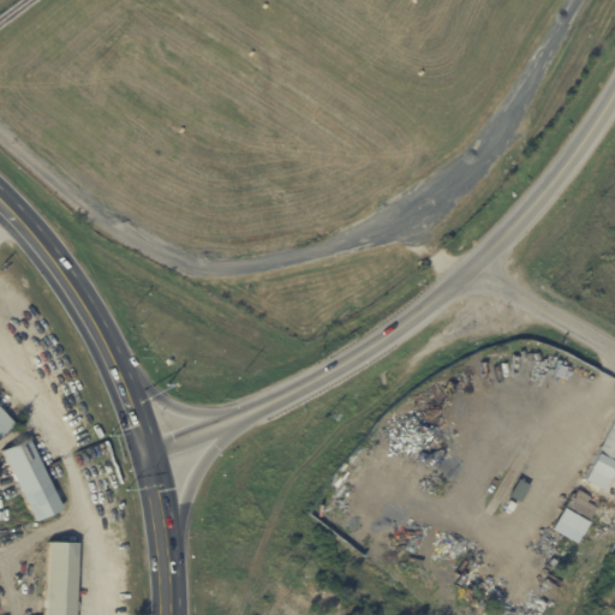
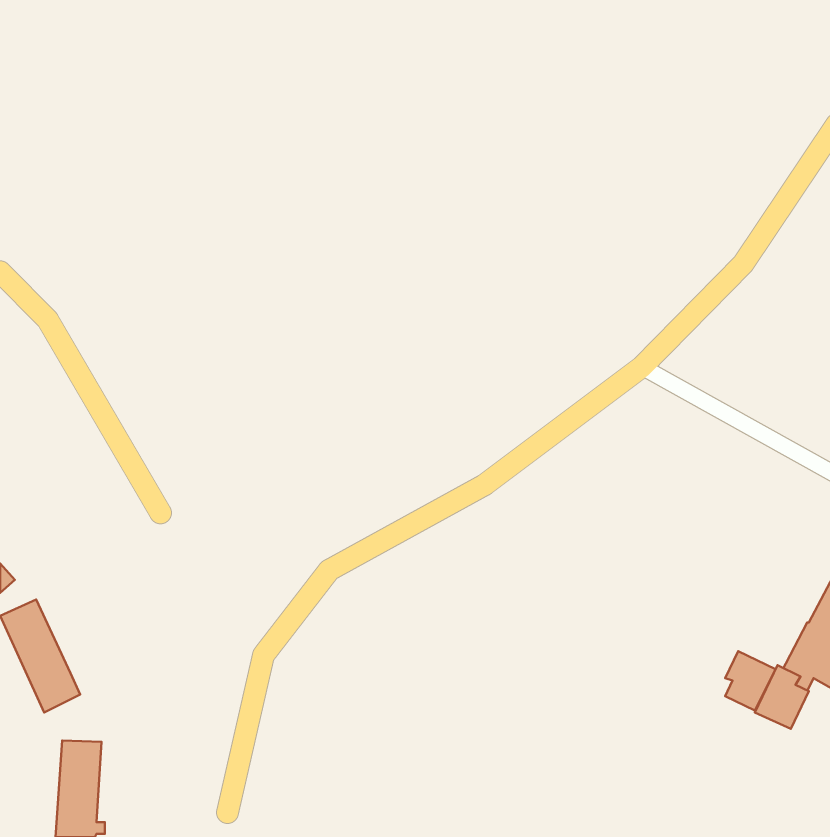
building: none -> [725,651,776,711]

